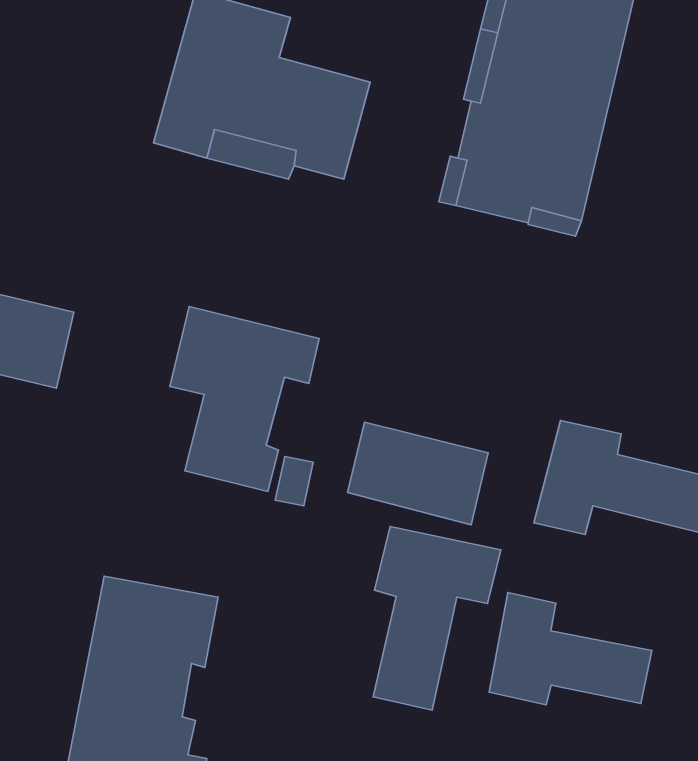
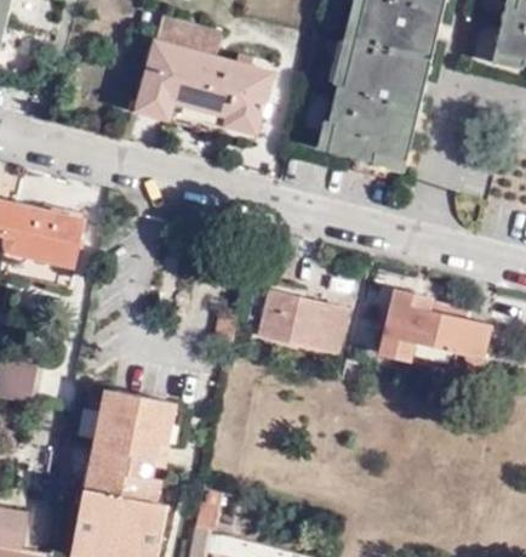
building: [170,307,319,491] -> none
building: [373,527,501,710] -> none
building: [489,593,652,705] -> none

